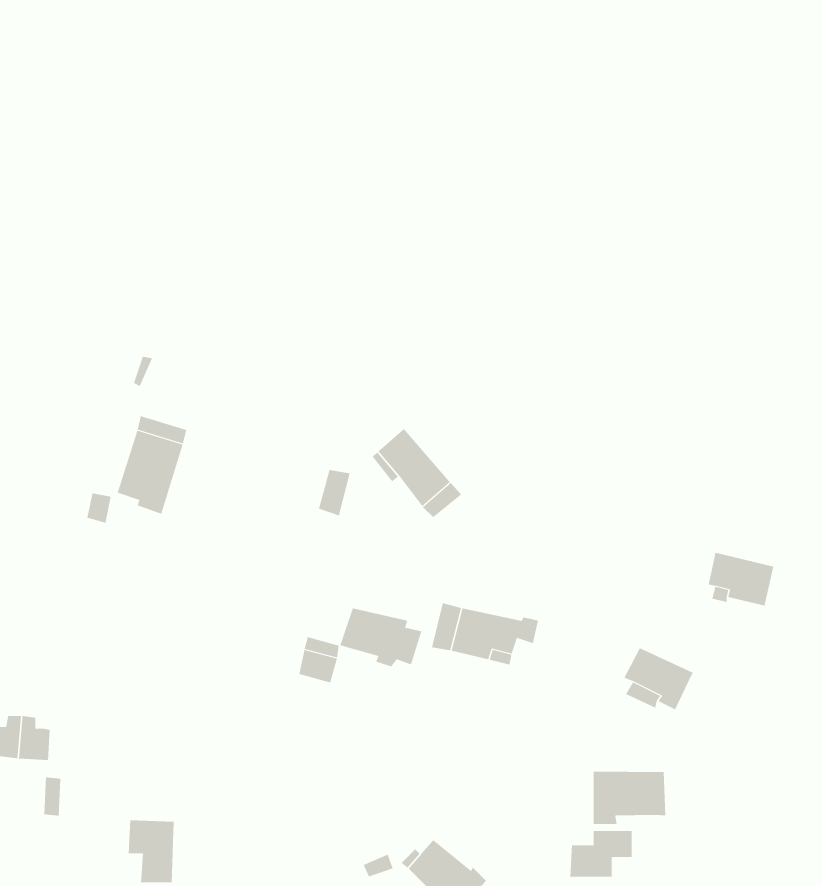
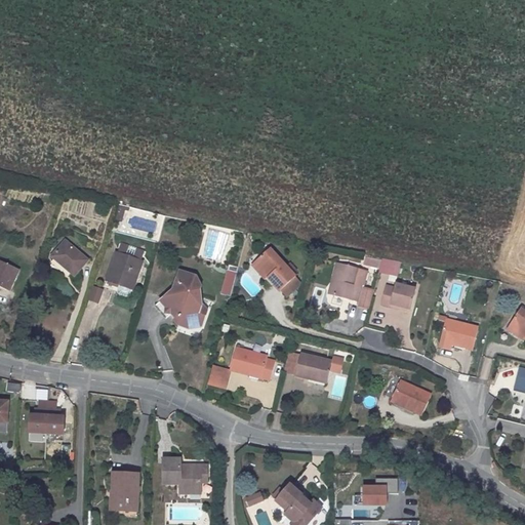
building: none -> [50,238,86,273]
building: none -> [331,261,369,304]
building: none -> [154,268,205,326]
building: none -> [379,285,415,311]
building: [593,771,666,825] -> none
building: none -> [162,455,206,486]

